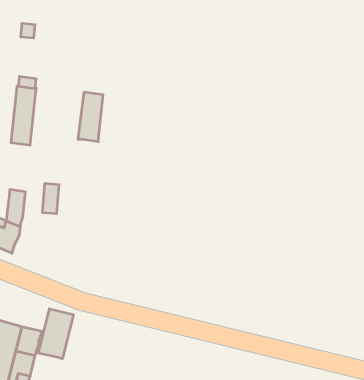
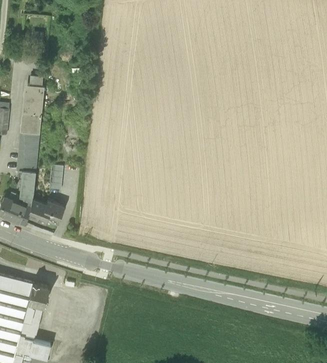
building: [78,92,103,142] -> [17,130,38,171]
building: none -> [25,198,62,222]
building: [38,309,73,359] -> none

